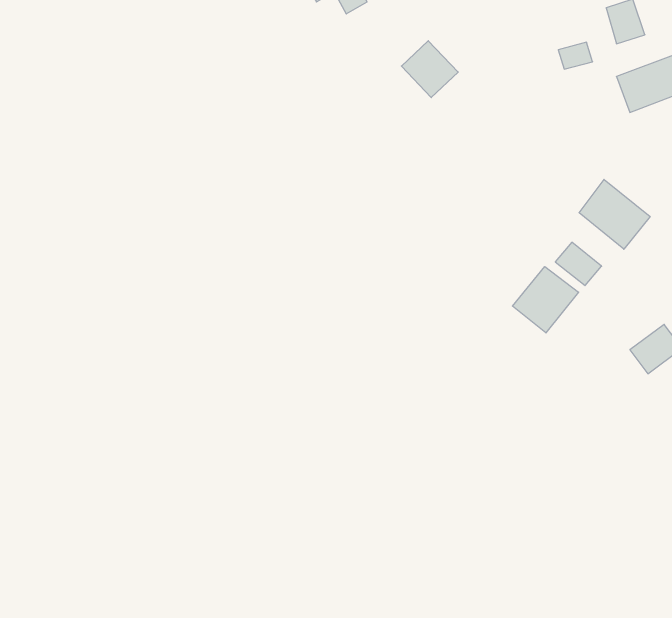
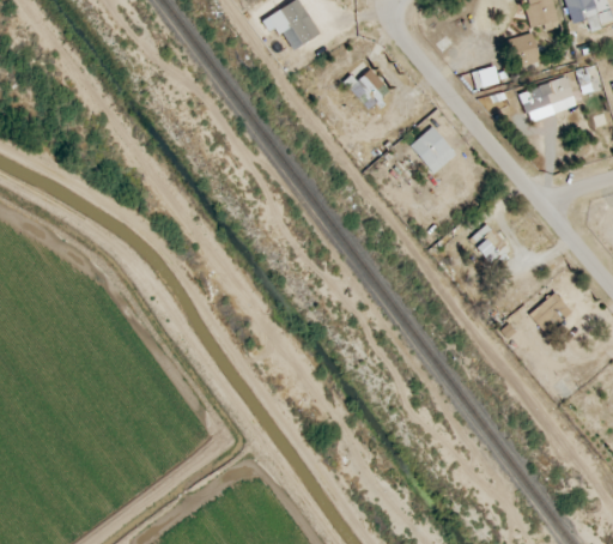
building: none -> [411,126,457,174]
building: [579,179,650,249] -> none
building: [512,267,579,333] -> none

